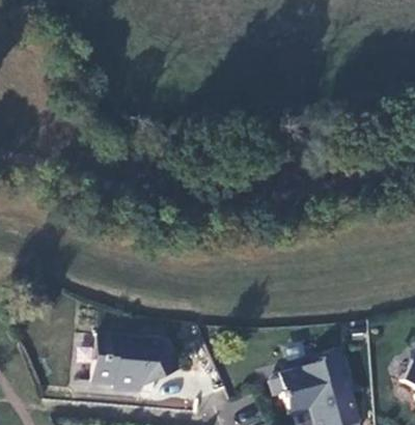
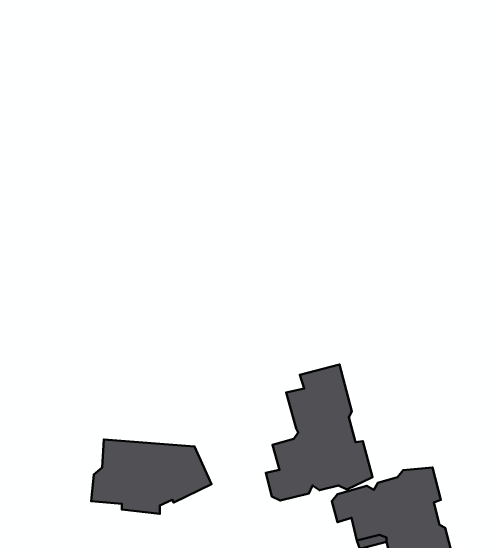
building: none -> [266,365,373,500]

